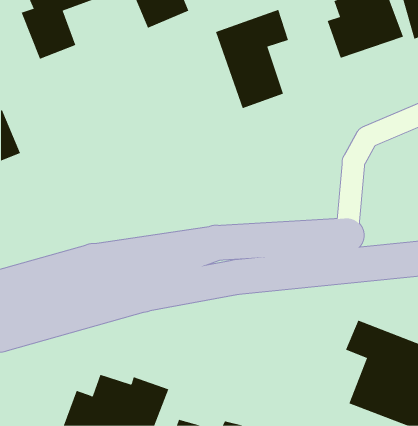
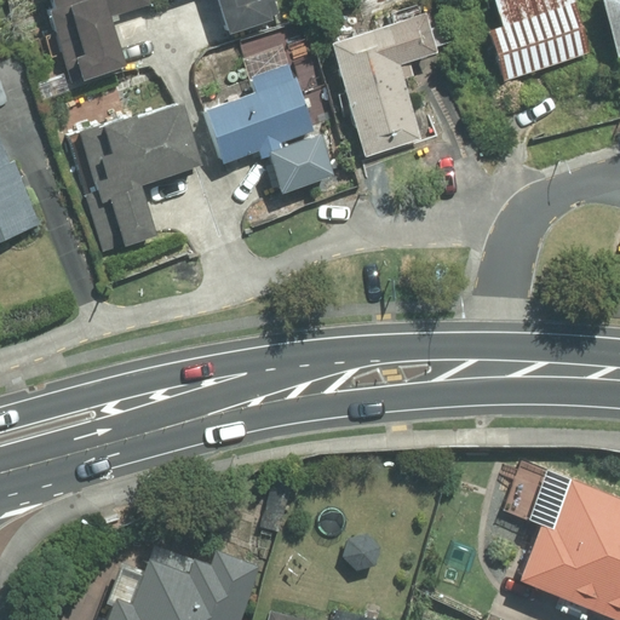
building: none -> [205,64,331,194]
building: none -> [73,99,207,249]

